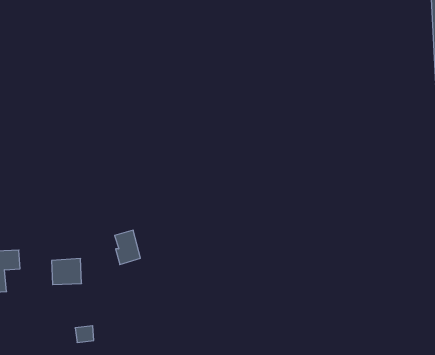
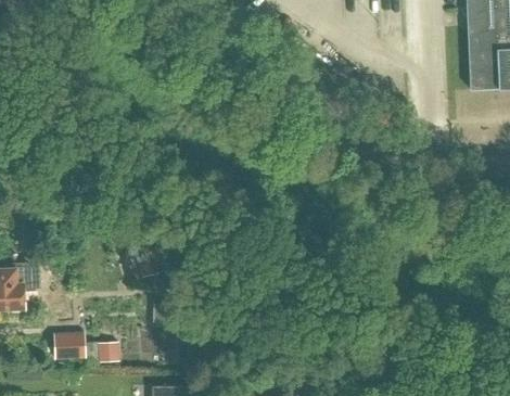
building: [52,259,82,285] -> [53,331,85,358]

